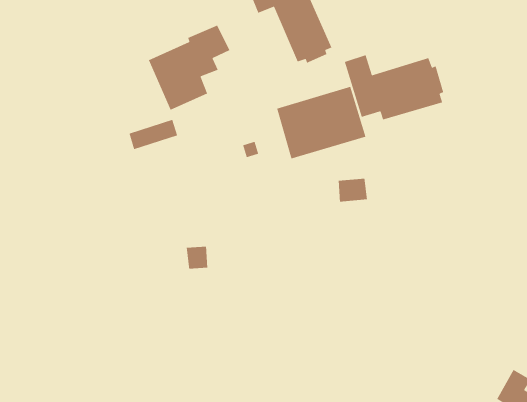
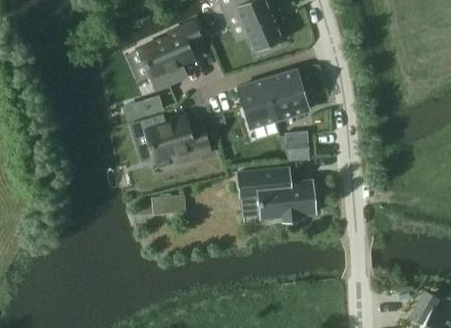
building: [344,54,444,121] -> none
building: none -> [144,118,210,162]
building: none -> [239,169,314,221]

